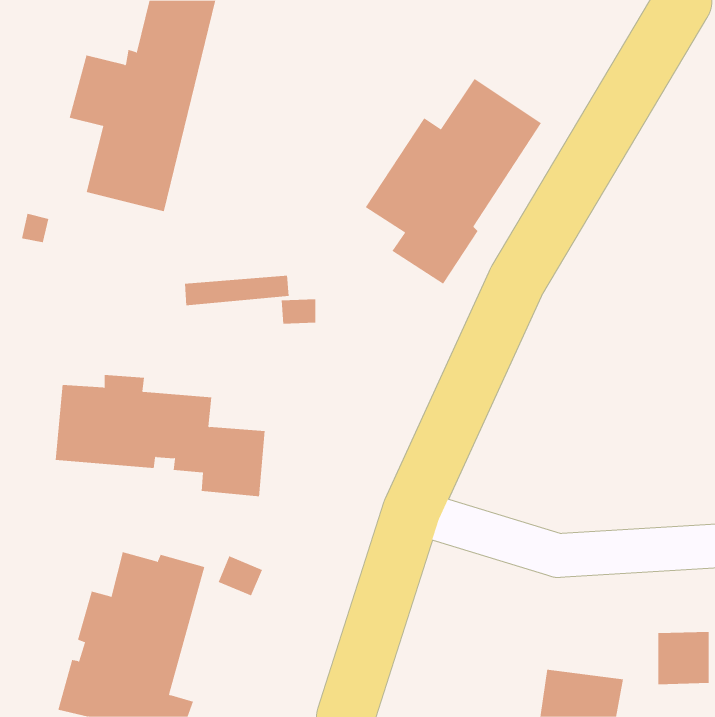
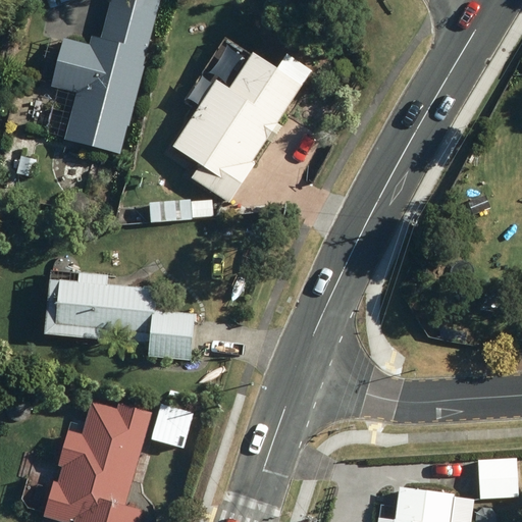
building: [365,78,542,284] -> [171,52,300,202]

